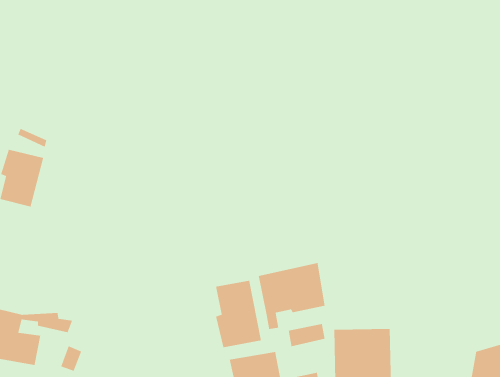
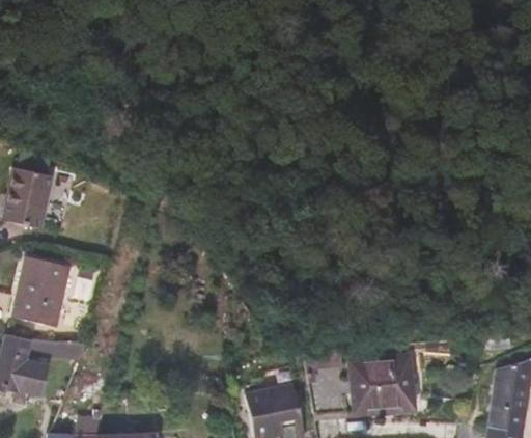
building: none -> [13,258,71,328]
building: [258,262,326,330] -> none
building: [215,280,262,348] -> none

